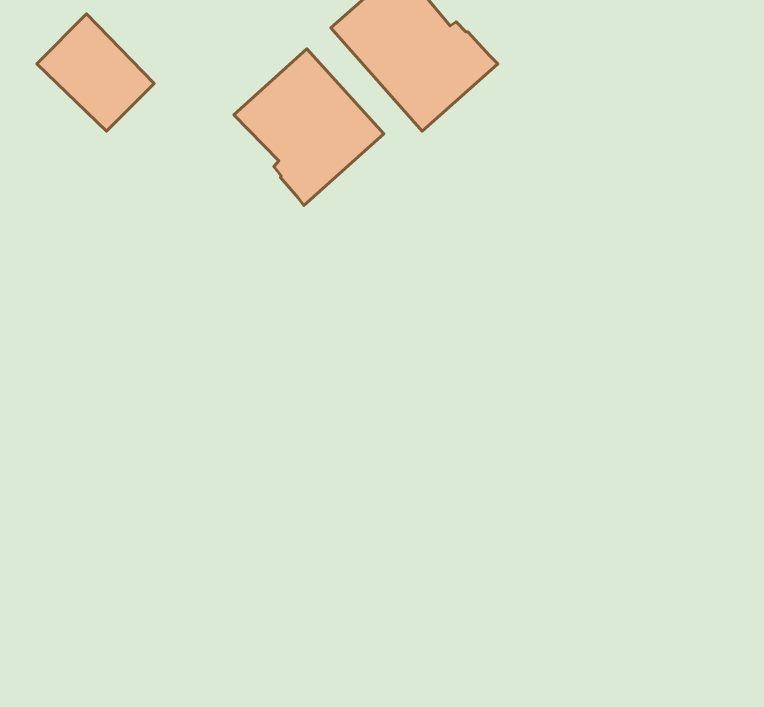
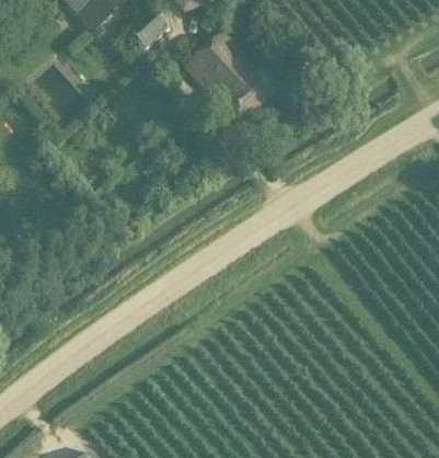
building: [234,49,384,205] -> none

